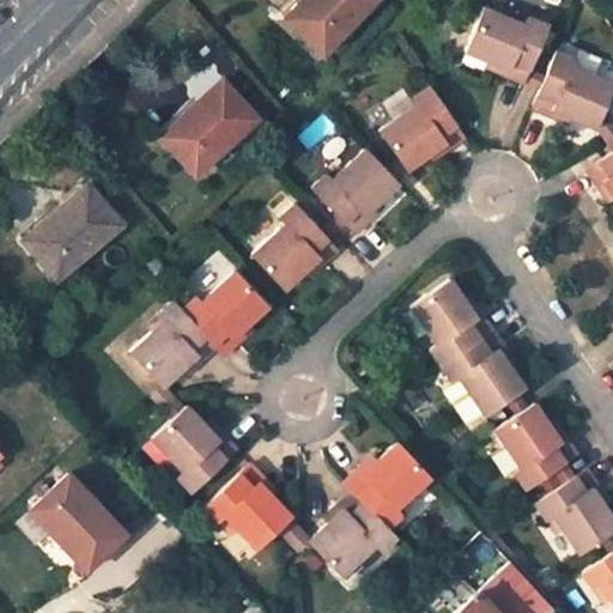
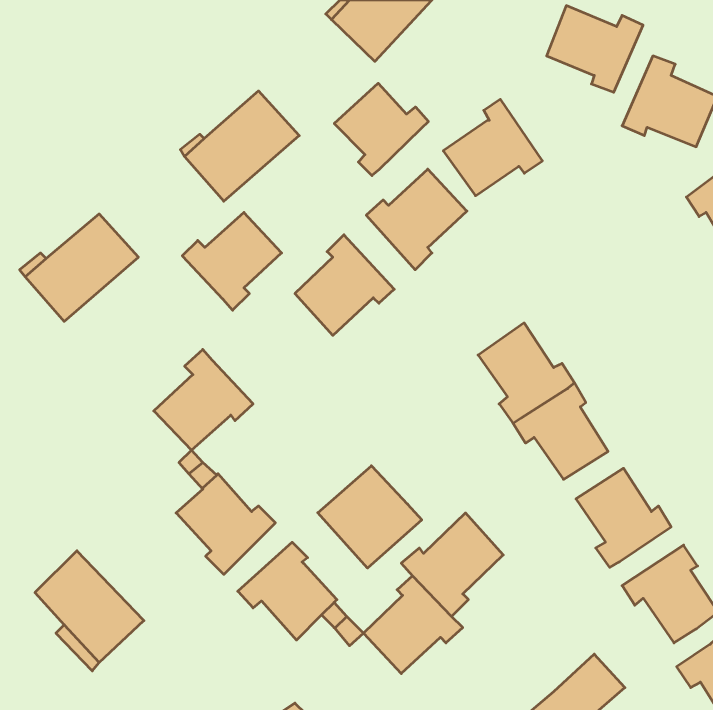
building: none -> [334,83,428,176]
building: [183,275,268,359] -> [182,212,282,310]
building: none -> [318,466,422,568]

